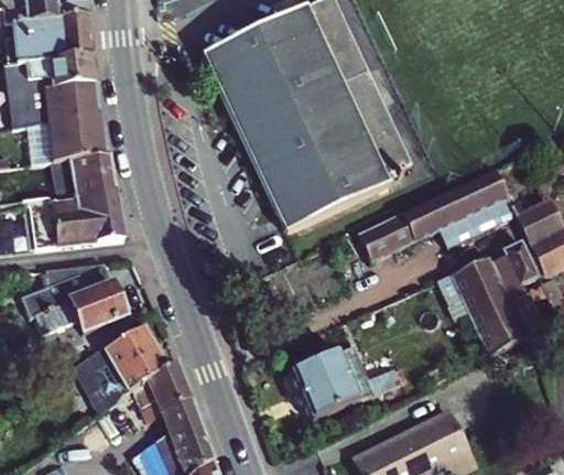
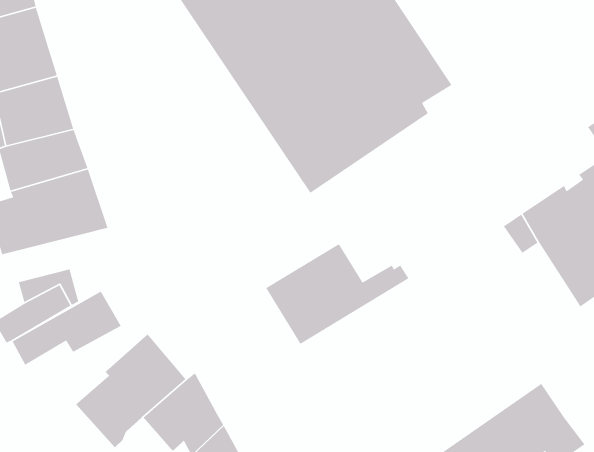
building: [357,172,516,260] -> none
building: [291,344,406,420] -> [265,243,410,345]

